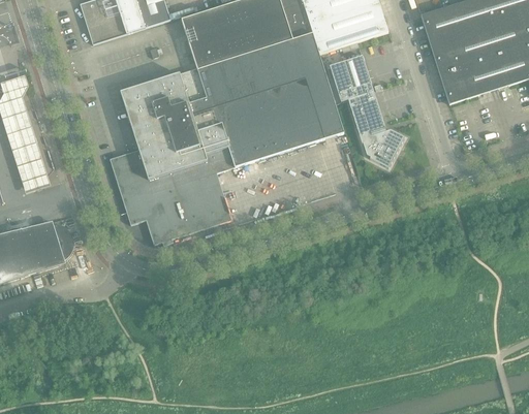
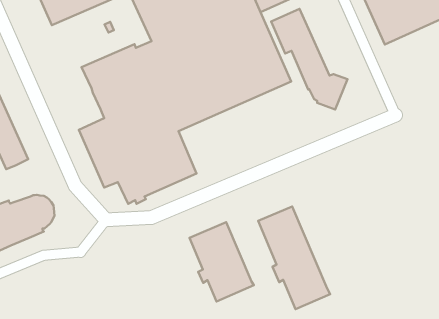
building: none -> [258,207,330,309]
building: none -> [190,222,254,302]

